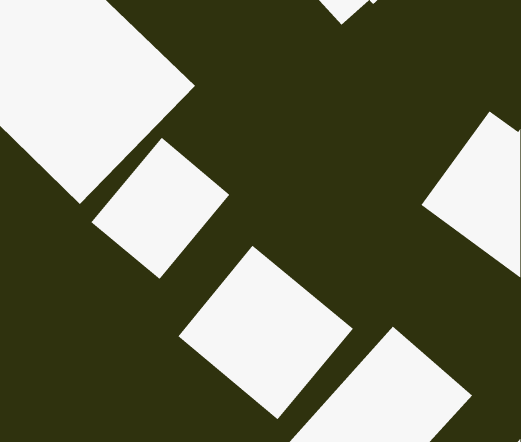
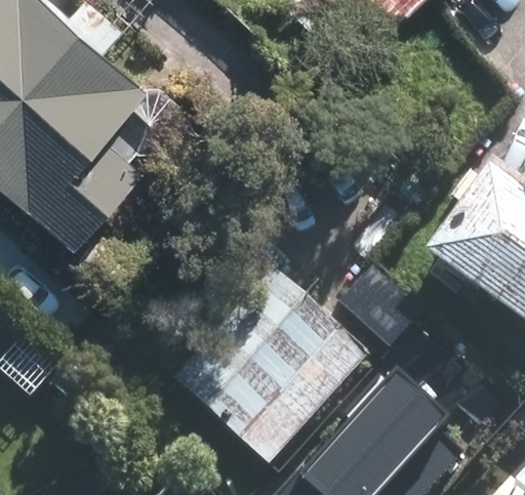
building: [90,137,230,280] -> none

